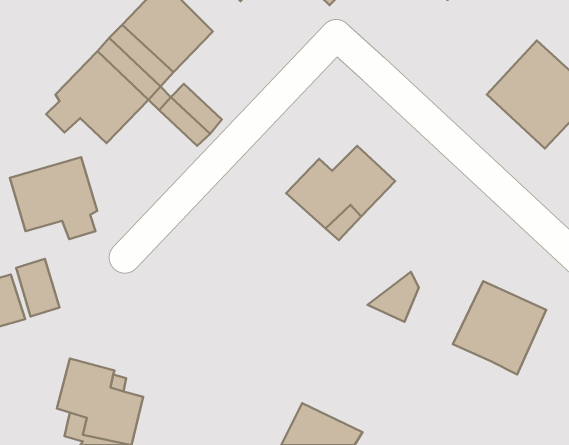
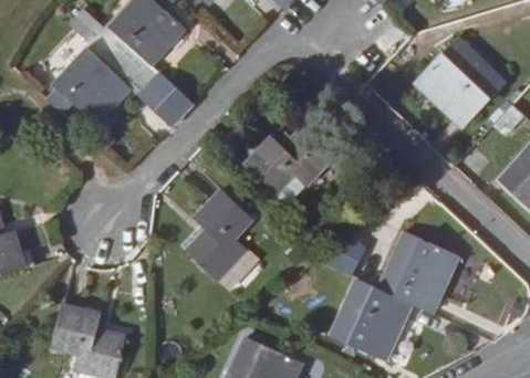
building: [10,157,97,239] -> none
building: none -> [186,189,256,281]
building: none -> [339,282,417,363]

